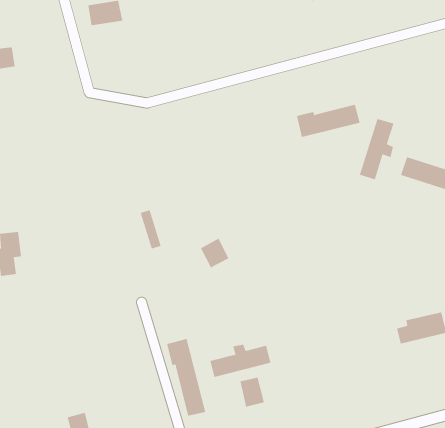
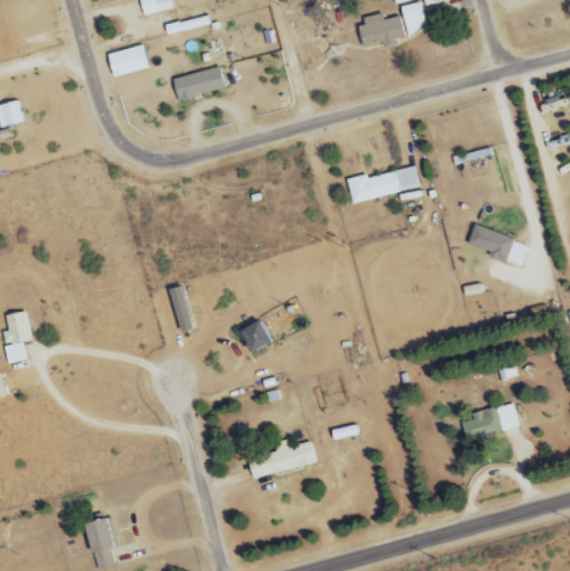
building: none -> [173,68,226,98]
building: [359,118,394,180] -> none
building: [166,338,206,416] -> none
building: [240,377,264,407] -> none

